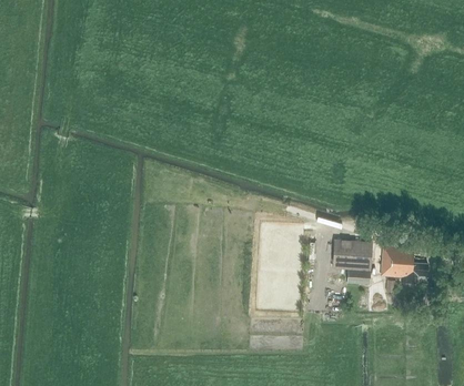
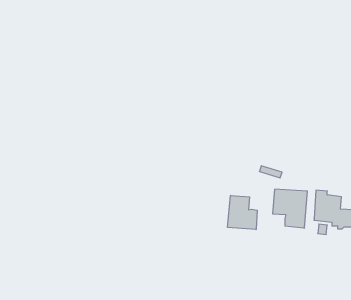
building: none -> [228,195,257,230]

